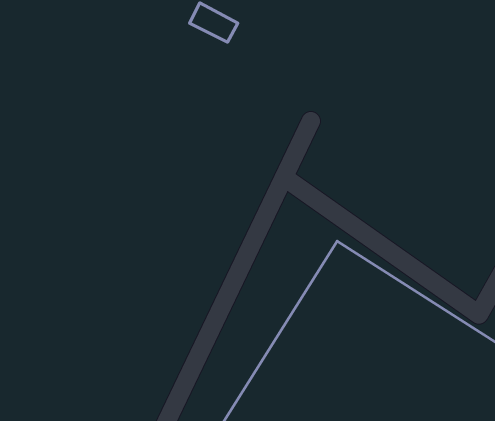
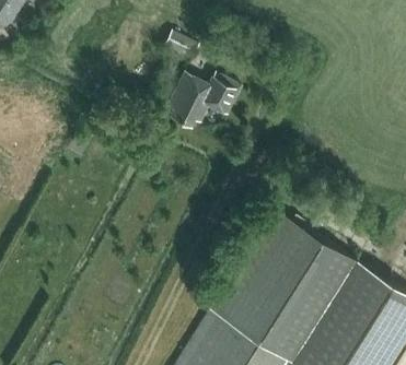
building: none -> [167,73,241,126]

